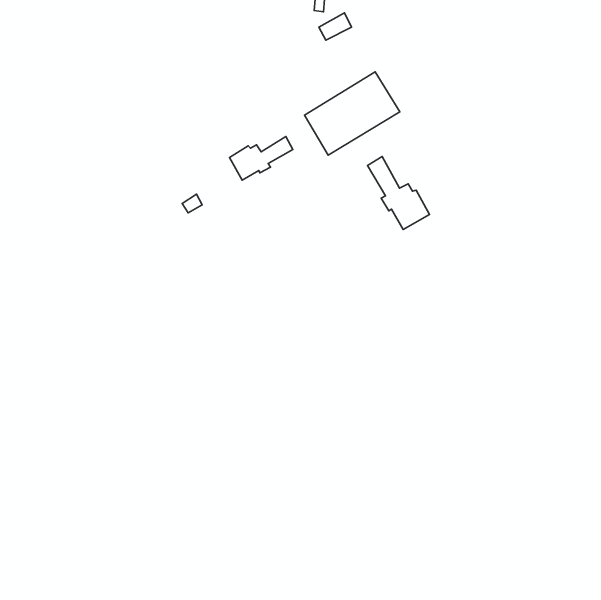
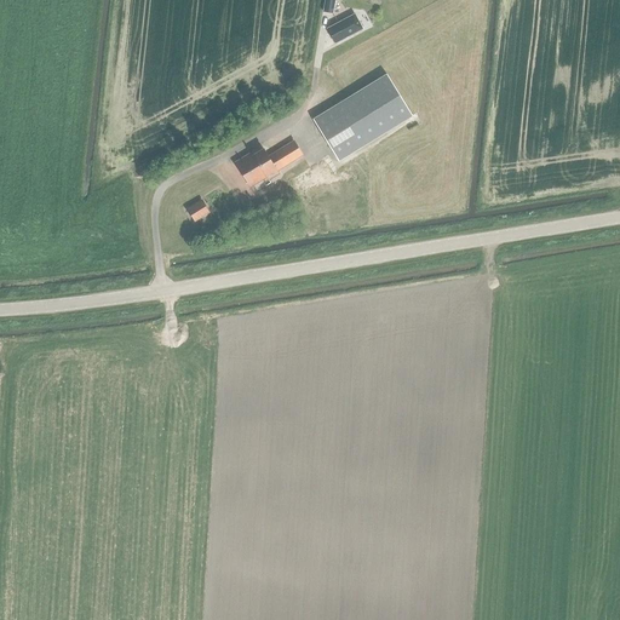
building: [367,156,429,230] -> none

